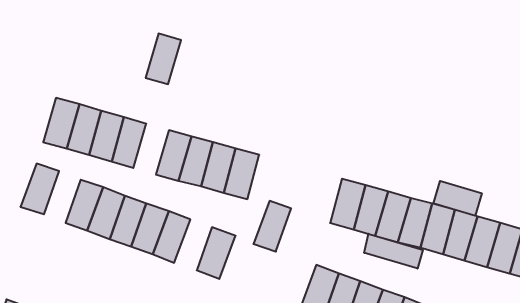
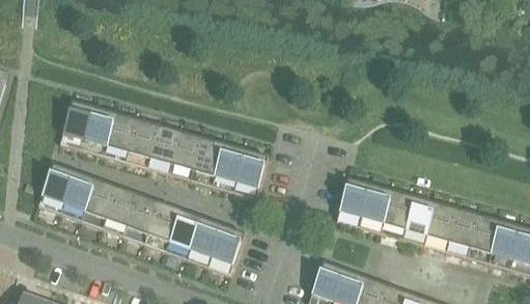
building: [146,34,181,84] -> [146,123,180,172]
building: none -> [60,169,95,219]
building: [434,181,482,216] -> none
building: [253,201,291,252] -> [186,216,222,265]
building: [364,234,423,269] -> none

